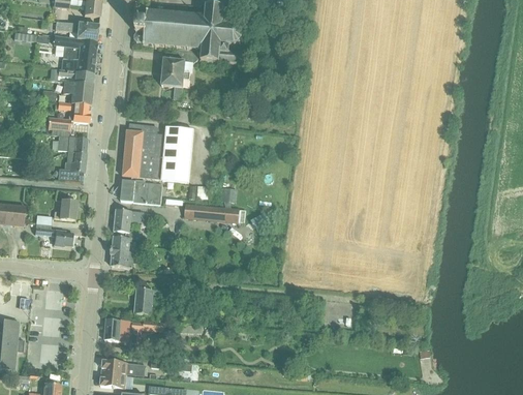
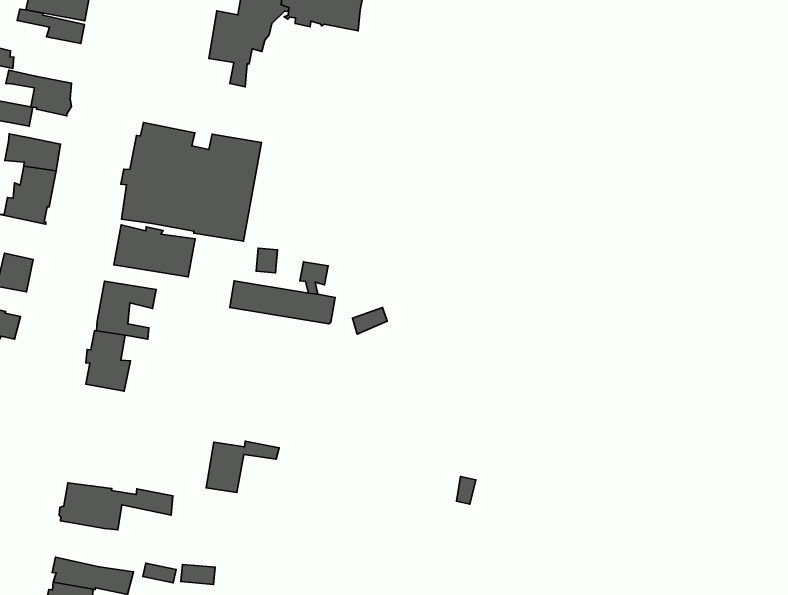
building: [62,81,92,105] -> none
building: [134,286,172,314] -> [206,441,279,493]

